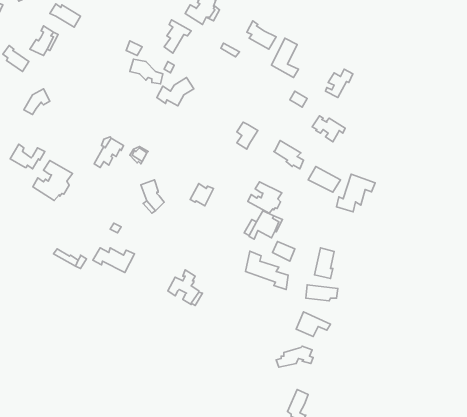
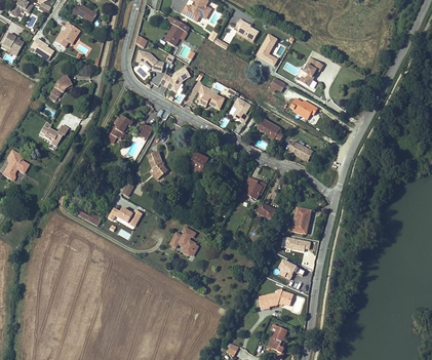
building: none -> [195,84,225,109]
building: [33,160,73,200] -> none
building: [336,174,375,212] -> none
building: [248,182,282,213] -> none
building: [245,251,288,289] -> none

